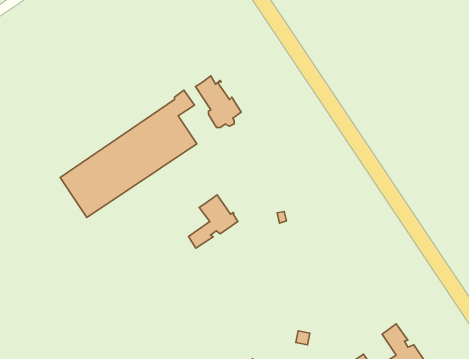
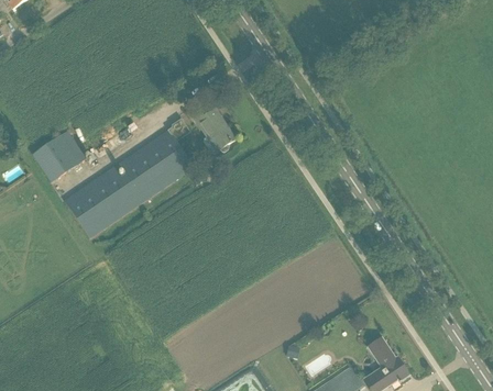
building: none -> [31,131,85,183]
building: [189,195,238,248] -> none

